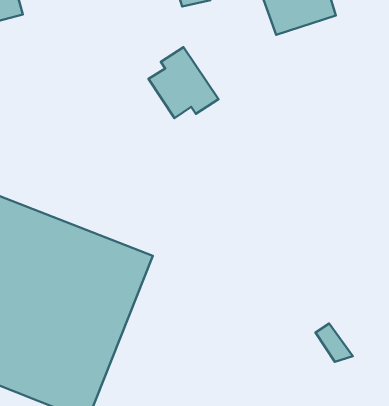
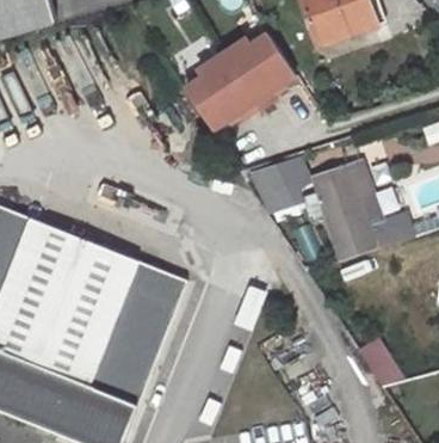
building: none -> [218,36,292,112]
building: none -> [255,159,422,263]

